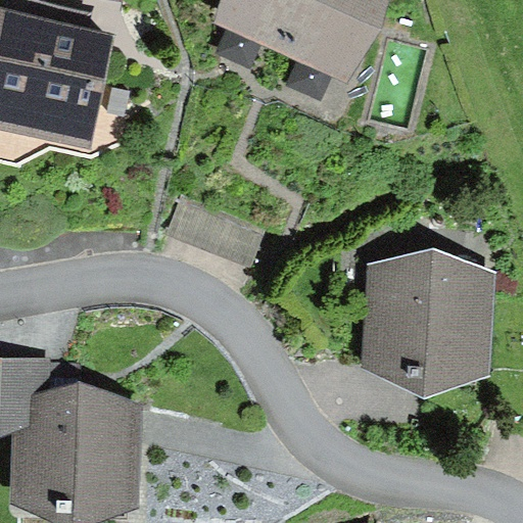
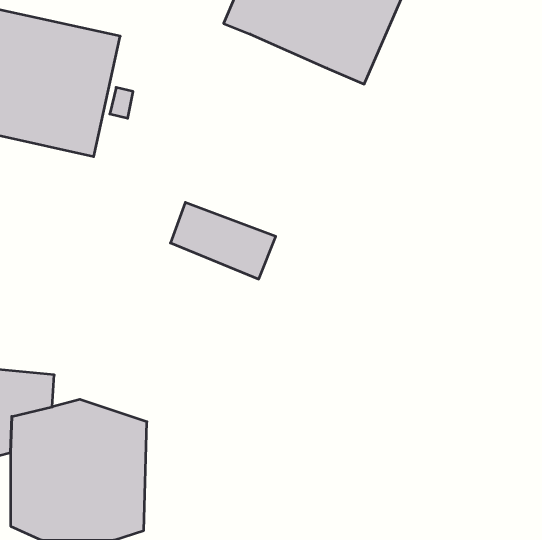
building: [362,249,492,398] -> none

